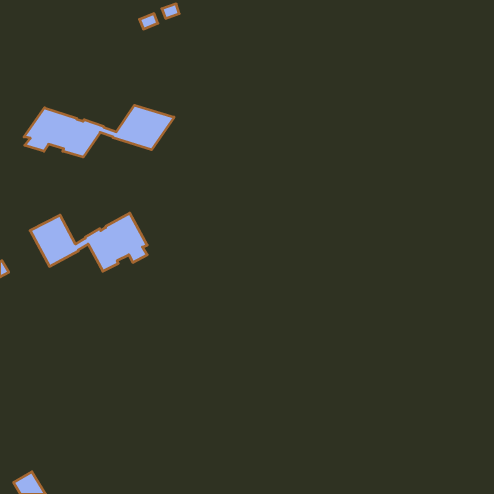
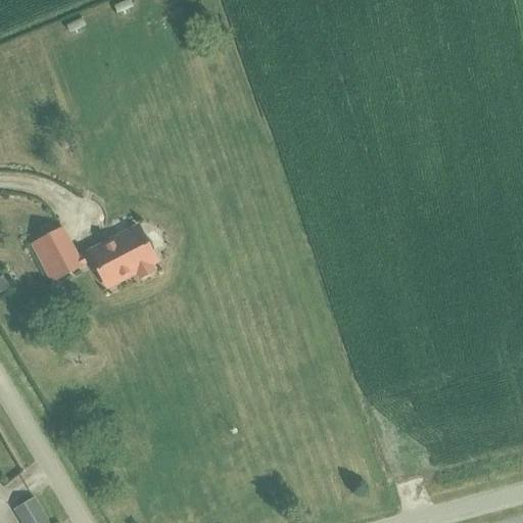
building: [24,105,174,157] -> none

